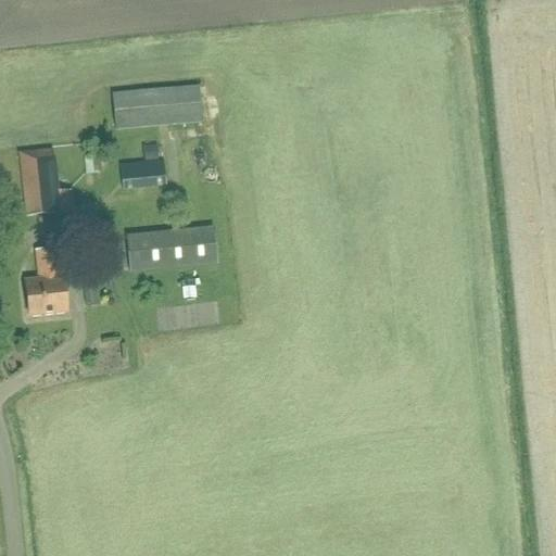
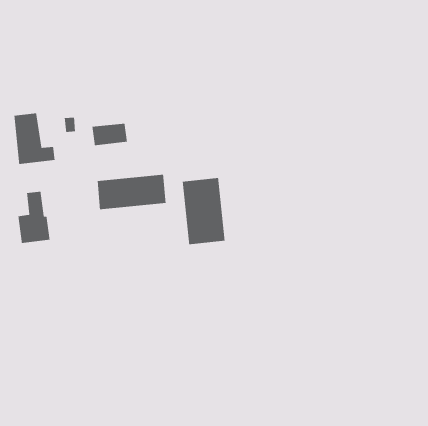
building: [113,84,202,127] -> none
building: none -> [182,177,225,245]

